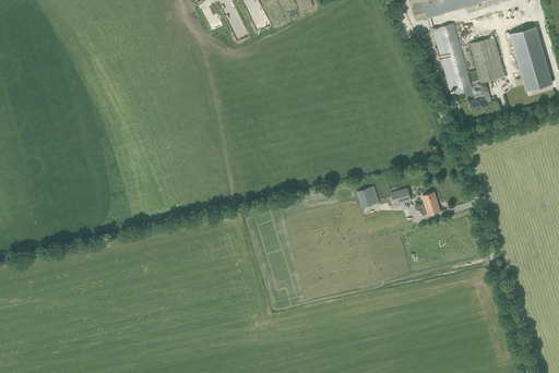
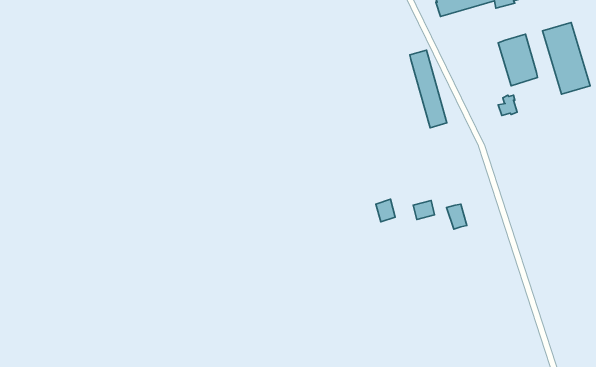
building: [438,24,472,95] -> [410,50,447,128]

